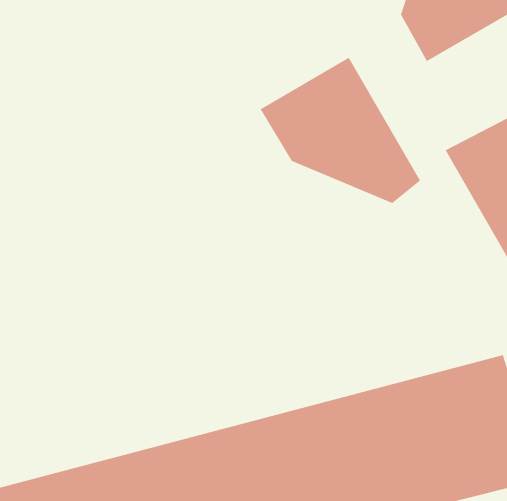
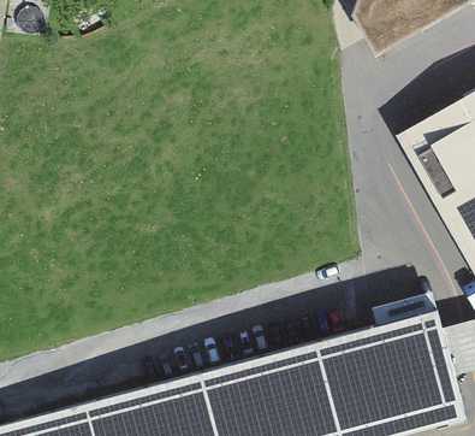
building: [260,57,421,204] -> none

